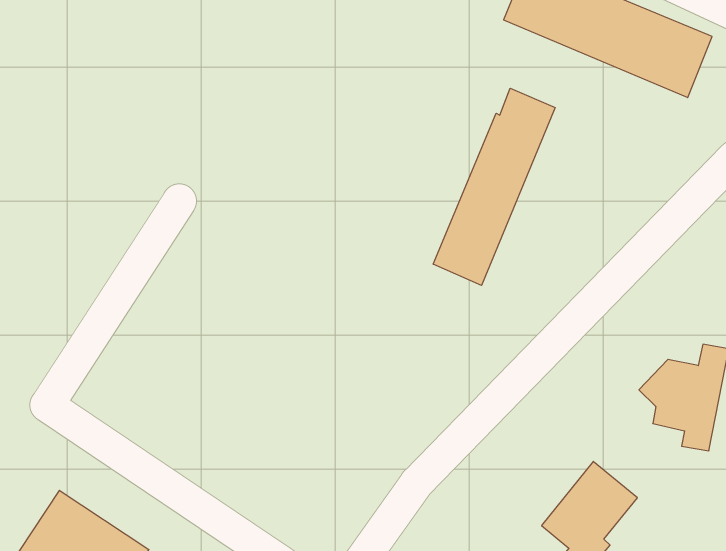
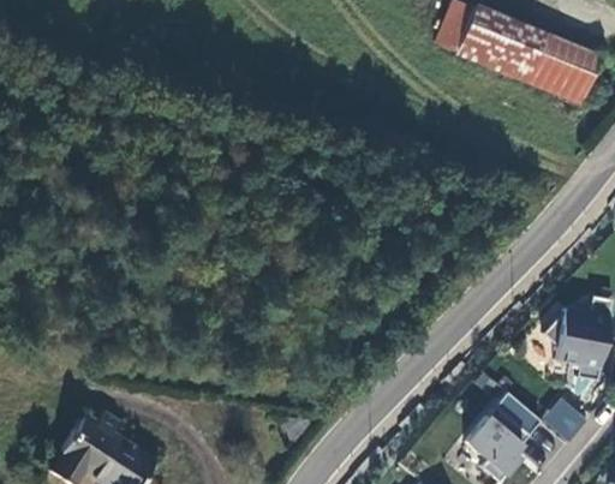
building: [433,88,555,285] -> none
building: none -> [544,396,591,443]

